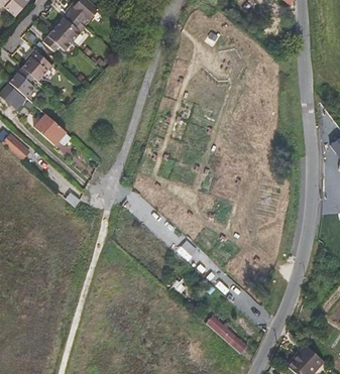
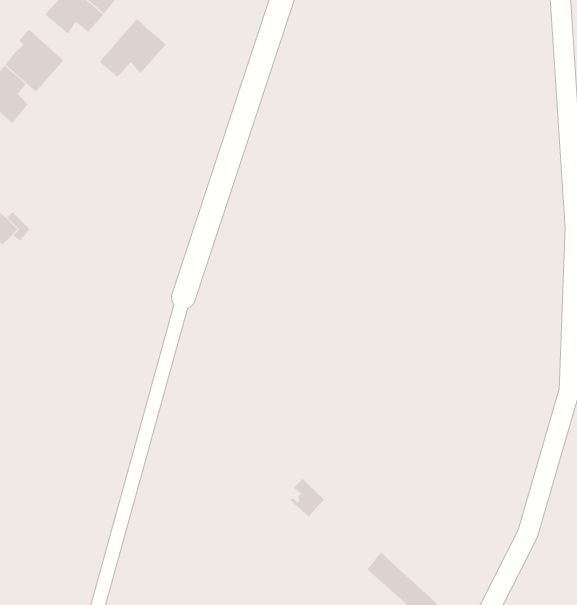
building: none -> [99,18,167,78]
building: [34,113,67,144] -> none

